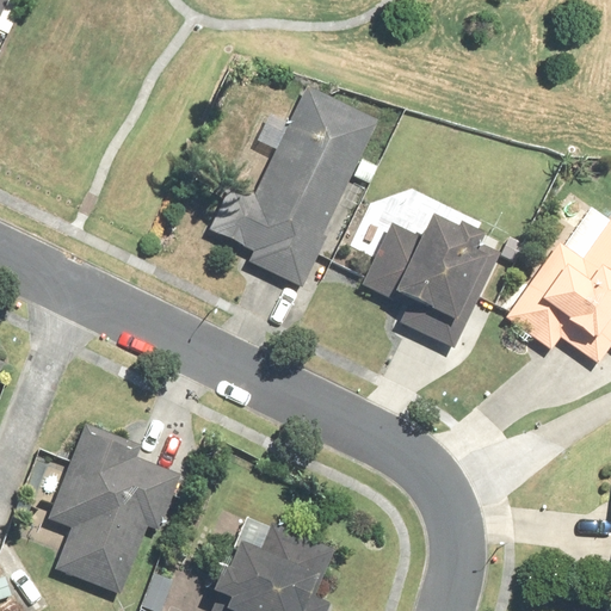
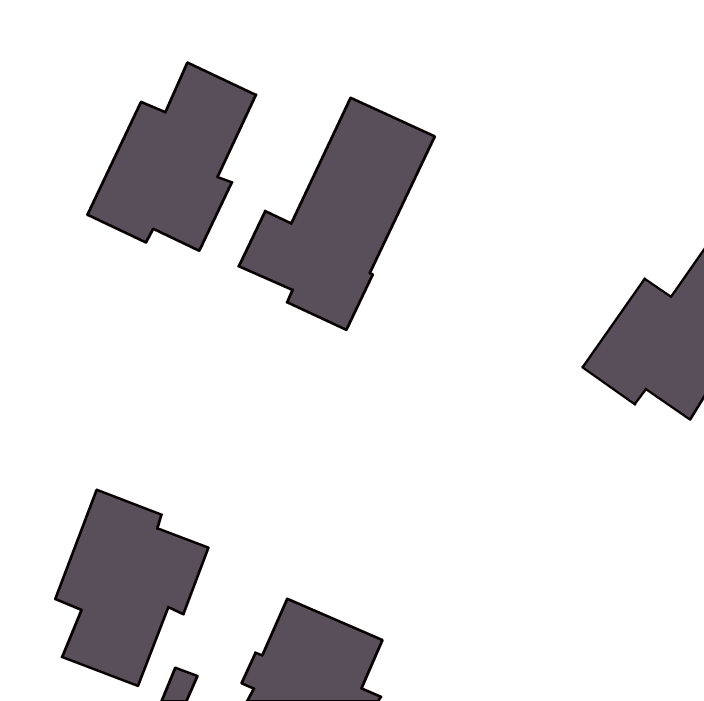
building: none -> [88,63,256,251]
building: [362,216,502,347] -> none

